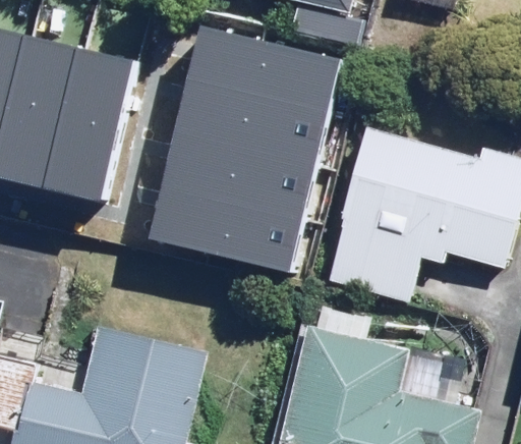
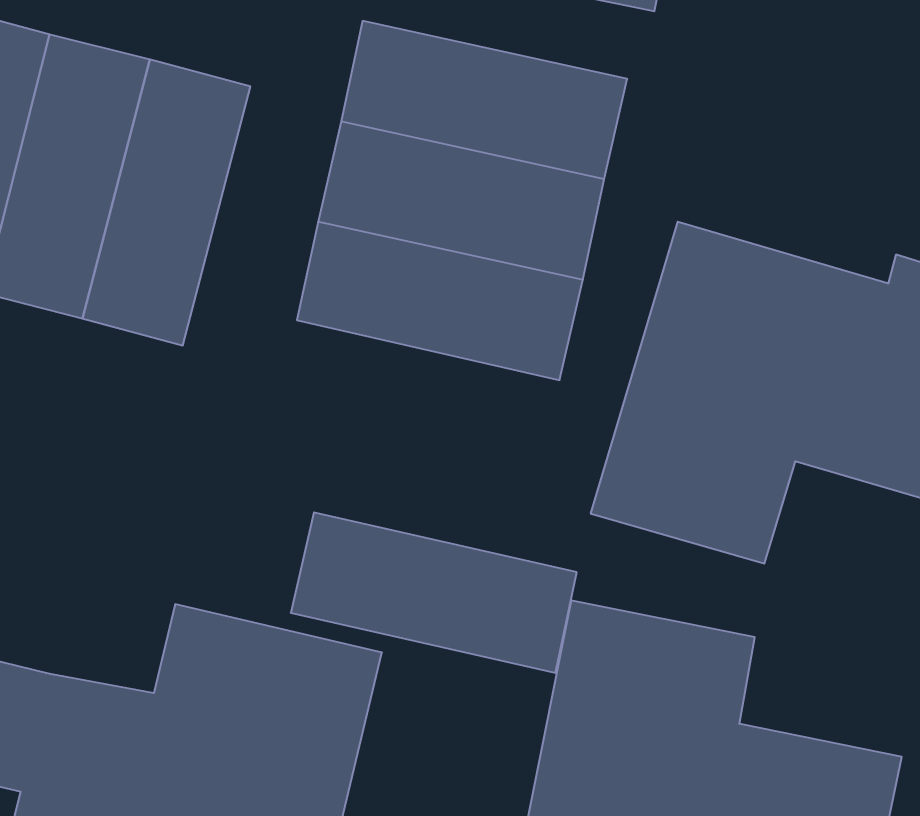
building: [152,178,302,263] -> [291,512,577,673]

